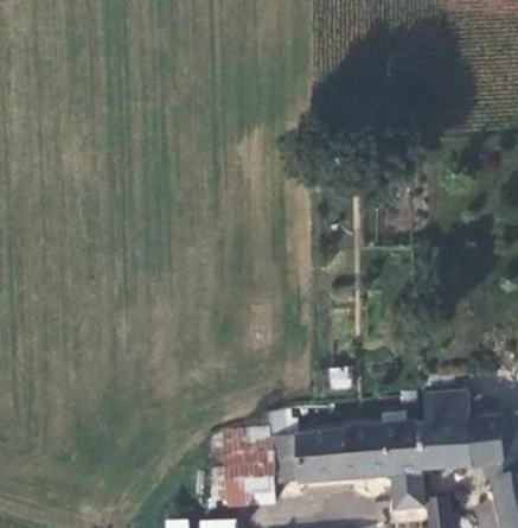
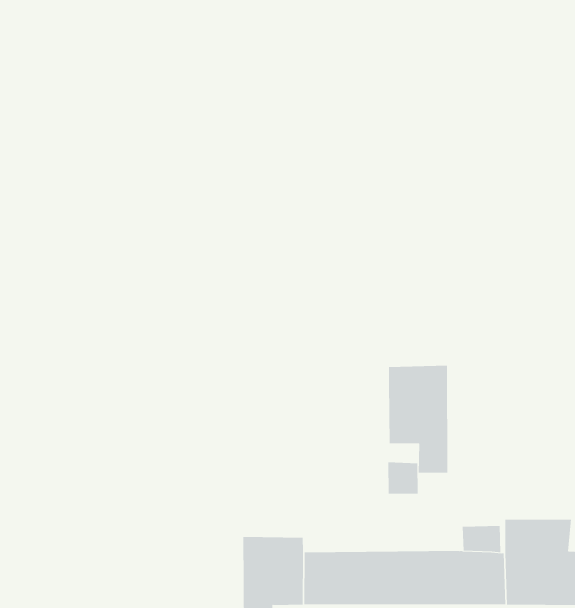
building: none -> [388,365,448,474]

